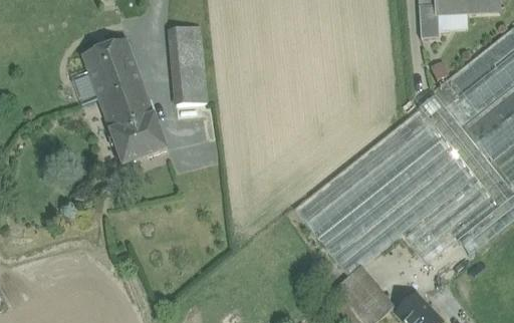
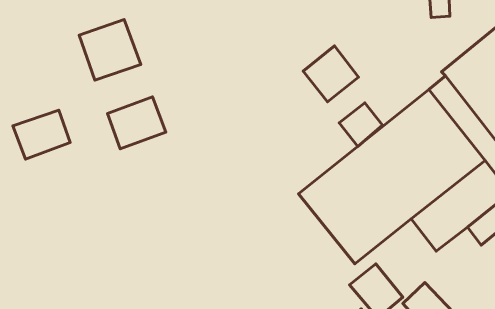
building: [169,25,207,104] -> none
building: none -> [303,46,358,102]
building: [97,82,153,129] -> [13,110,70,159]
building: none -> [339,103,383,146]

